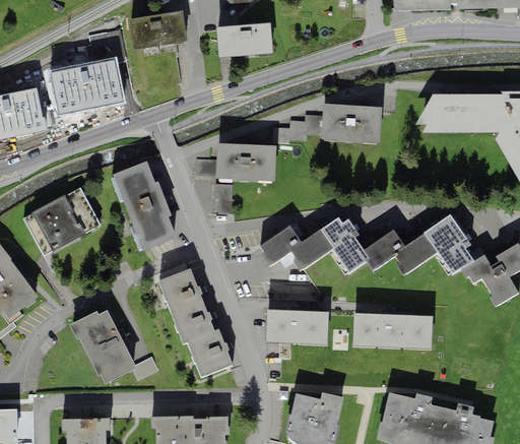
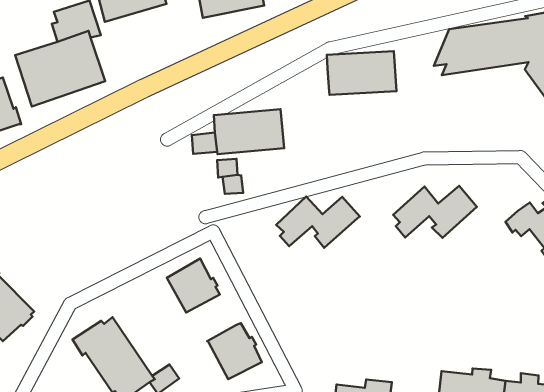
building: [272,114,322,142] -> none
building: [113,161,177,250] -> none
building: [23,187,101,255] -> none
building: [425,213,473,273] -> none
building: [321,216,369,271] -> none
building: [172,301,214,343] -> none
building: [265,308,329,344] -> none
building: [352,312,433,348] -> none

